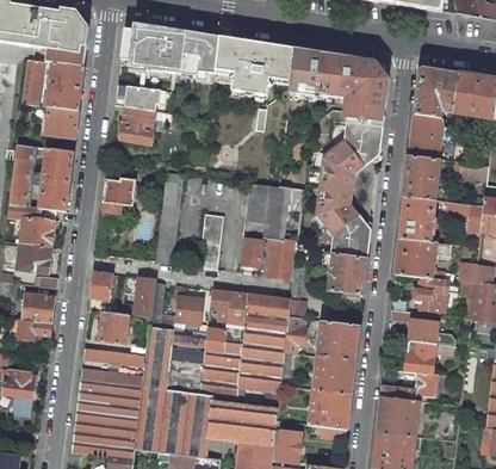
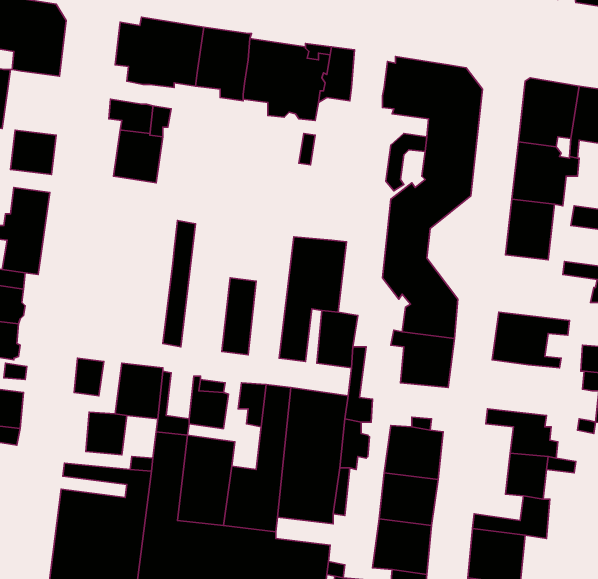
building: [290,48,318,94] -> none
building: [43,63,83,110] -> none
building: [100,178,135,217] -> none
building: [399,197,436,242] -> none
building: [414,277,445,311] -> none
building: [205,320,227,353] -> none

